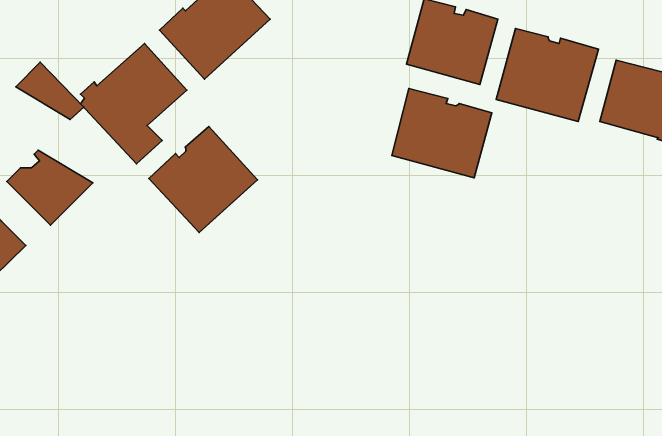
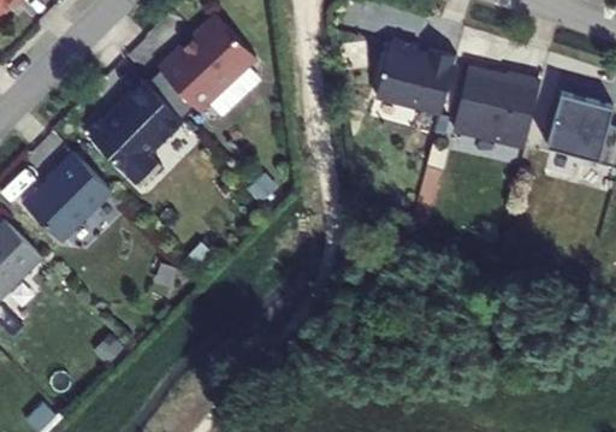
building: [16,62,84,120] -> [51,152,111,202]
building: [392,89,492,178] -> none
building: [149,126,257,233] -> none

